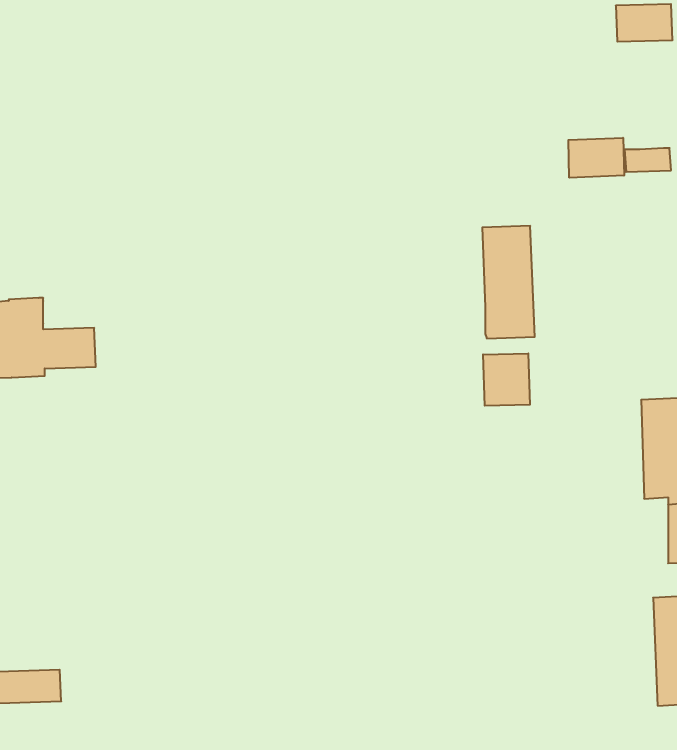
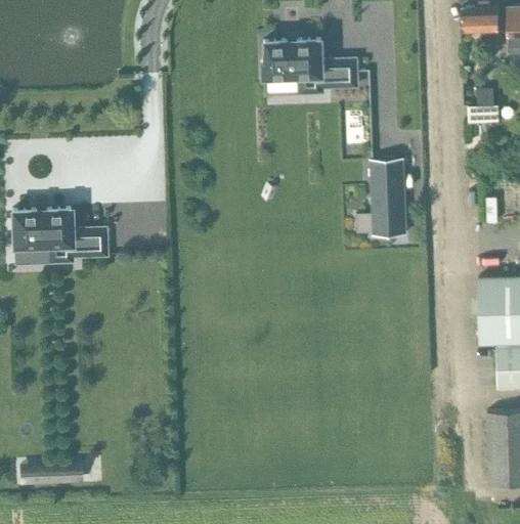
building: none -> [262,40,356,97]
building: [568,138,624,178] -> none
building: [483,353,530,406] -> none

